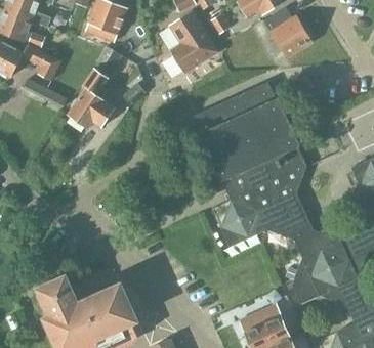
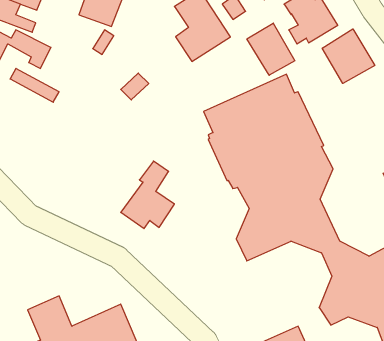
building: none -> [247,23,295,75]
building: none -> [322,29,375,83]
building: [67,69,114,128] -> [121,161,174,229]

